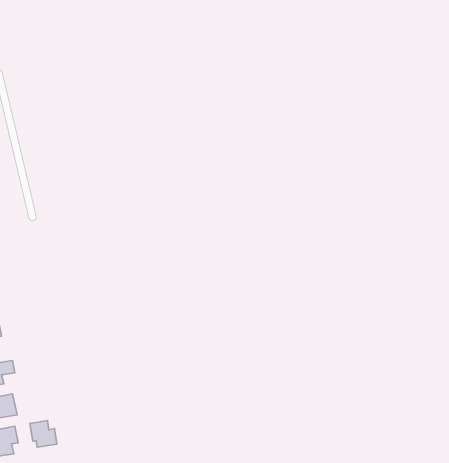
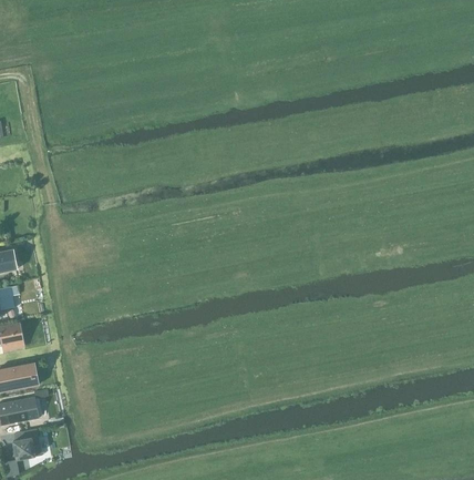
building: [30,420,57,447] -> none

